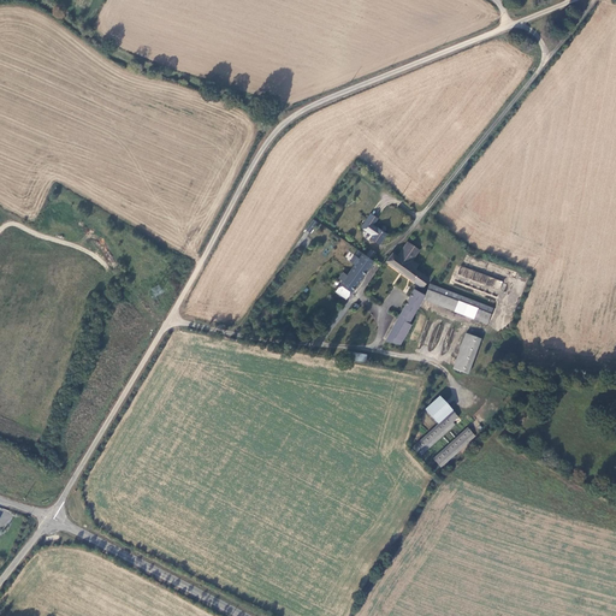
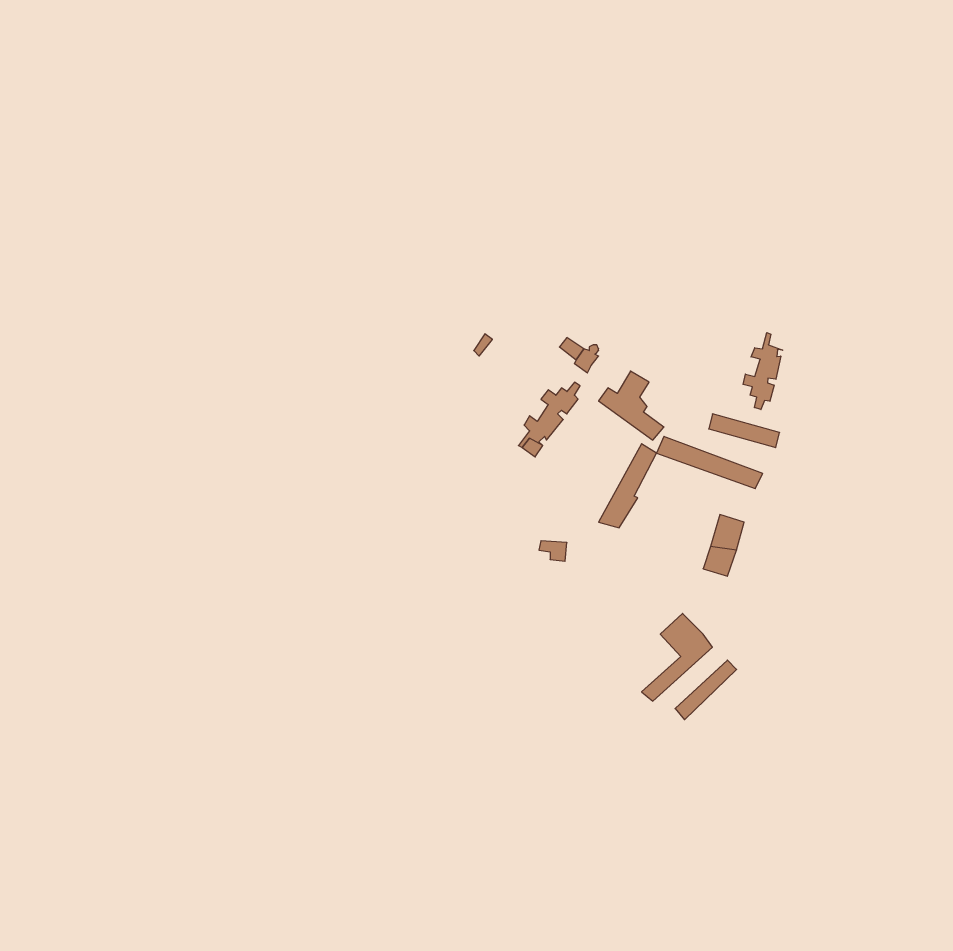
building: none -> [743,333,783,410]

